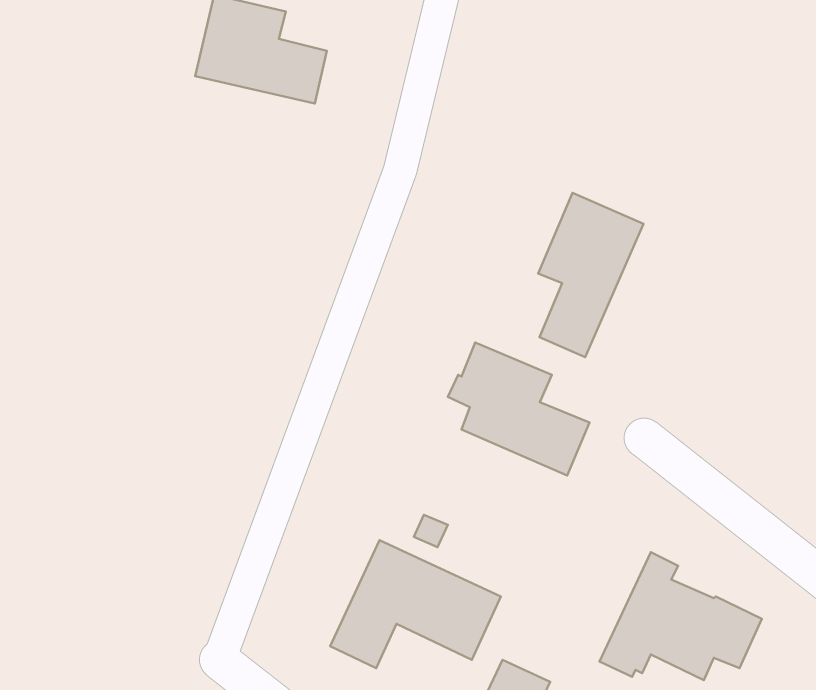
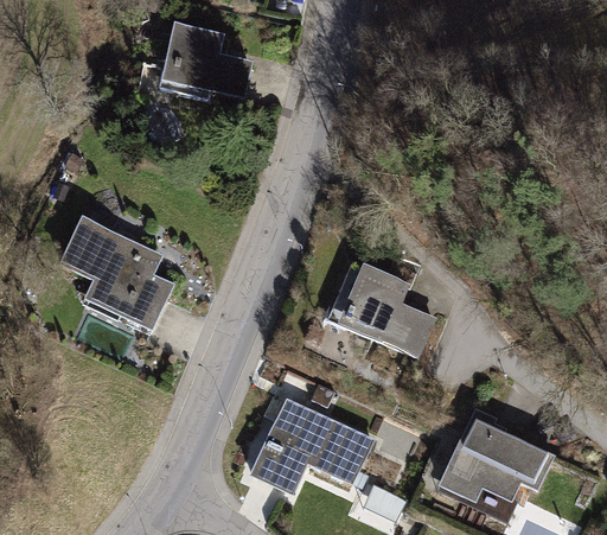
building: [538,193,643,357] -> none
building: none -> [59,216,175,331]

